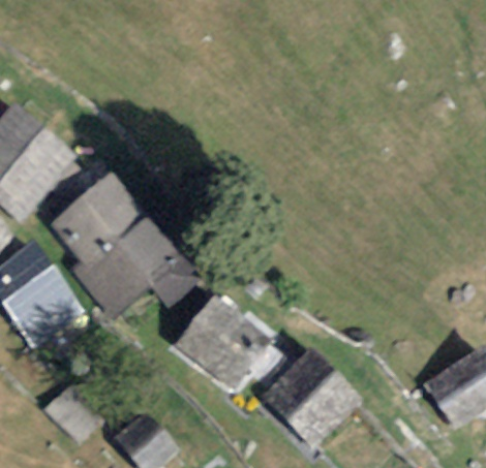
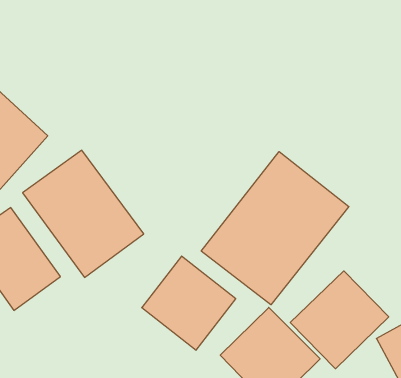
building: none -> [201,152,349,305]
building: none -> [290,271,389,369]

